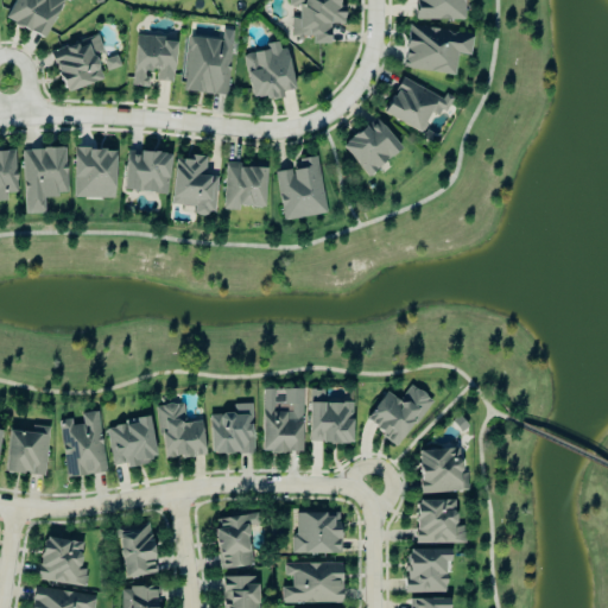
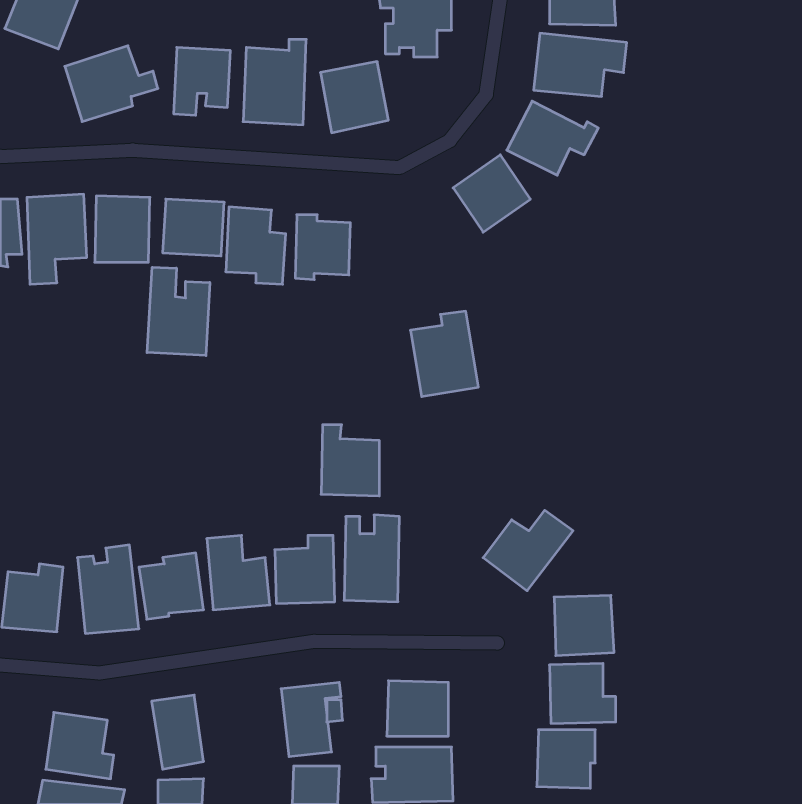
building: [277,156,328,220] -> [410,311,478,397]
building: none -> [147,267,210,356]
building: [310,390,354,443] -> [321,425,379,496]

